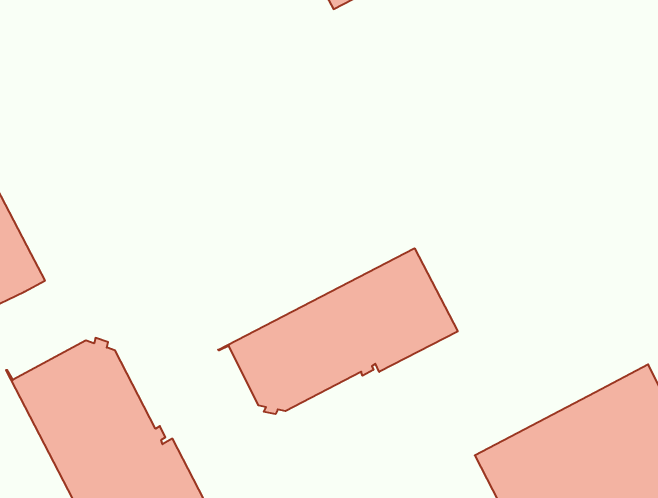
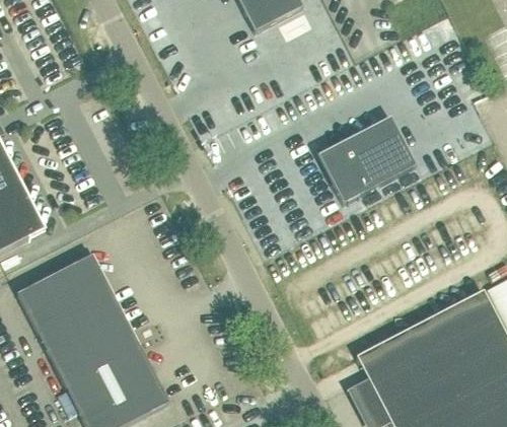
building: none -> [317,116,416,203]
building: [218,248,458,414] -> none

